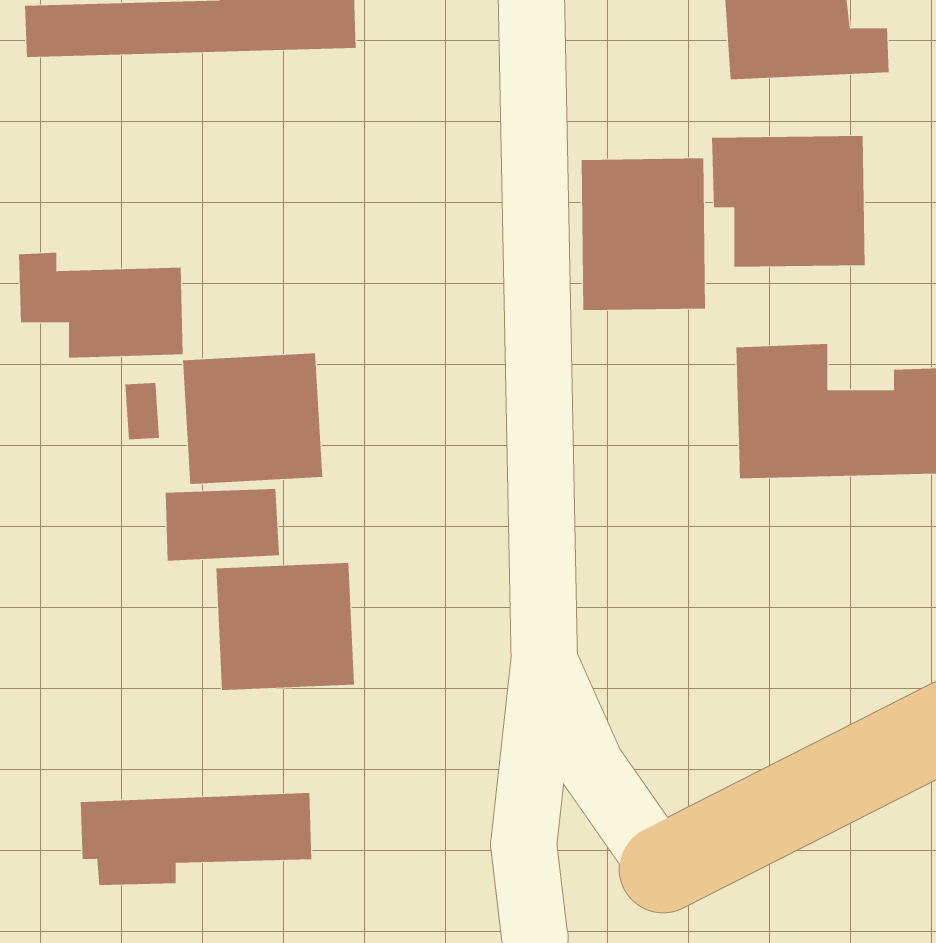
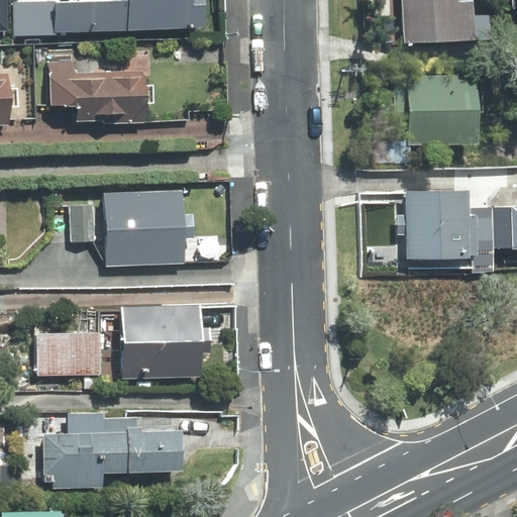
building: [581,158,706,311] -> none
building: [18,252,183,358] -> [51,64,141,121]
building: [165,489,280,561] -> [41,333,104,373]

